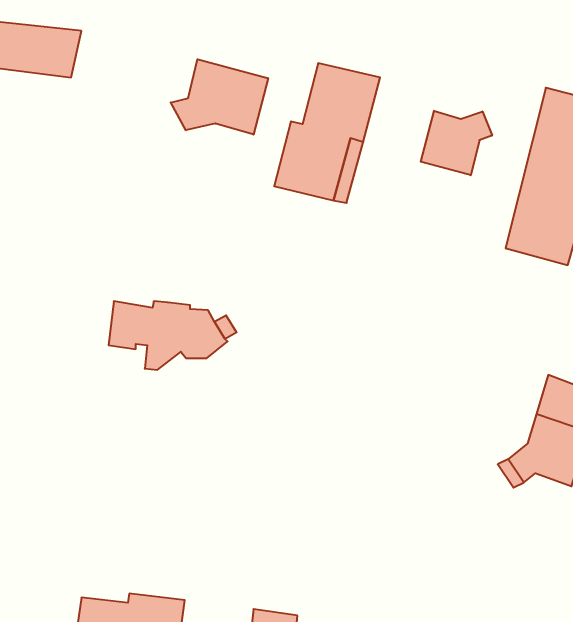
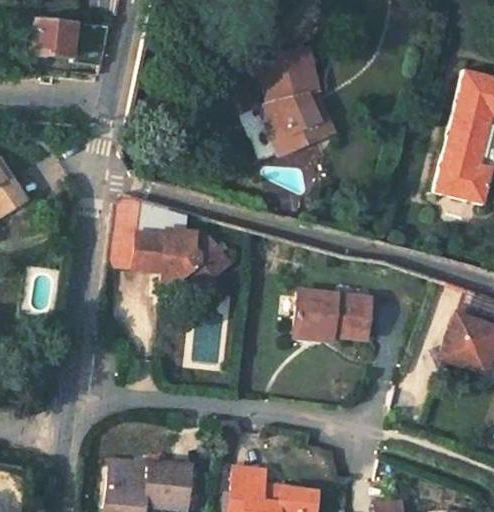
building: [171,59,268,135] -> none
building: [421,111,492,175] -> none
building: none -> [106,203,174,268]
building: none -> [285,290,367,341]

